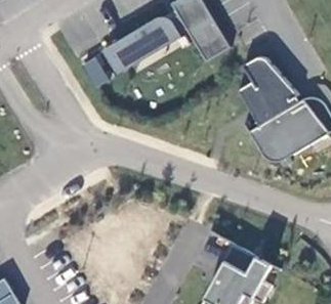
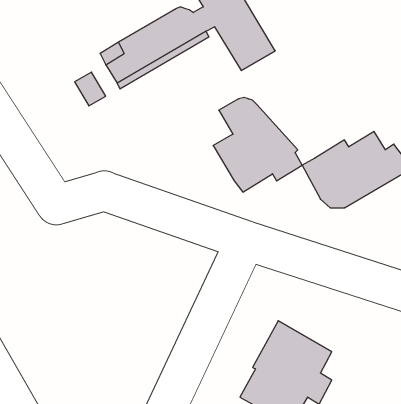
building: [237,56,301,125] -> [213,97,302,192]

